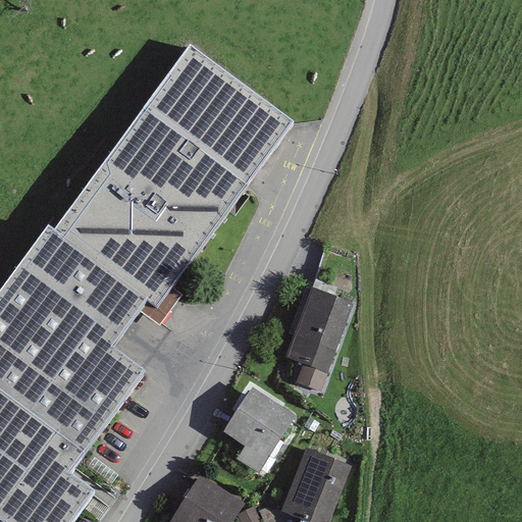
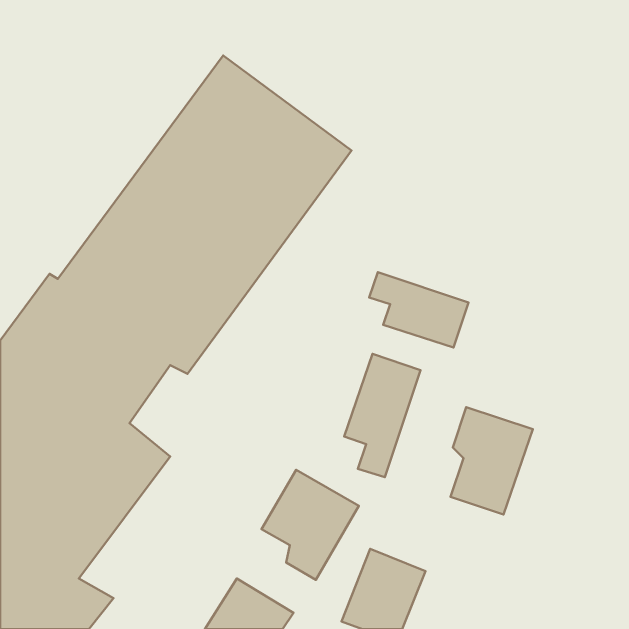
building: none -> [369,272,469,347]
building: none -> [450,407,533,514]

